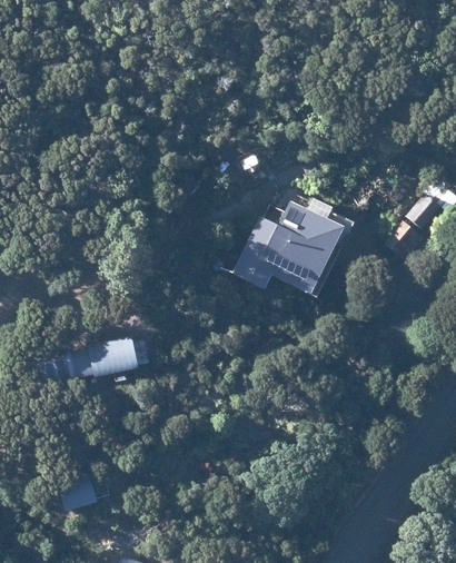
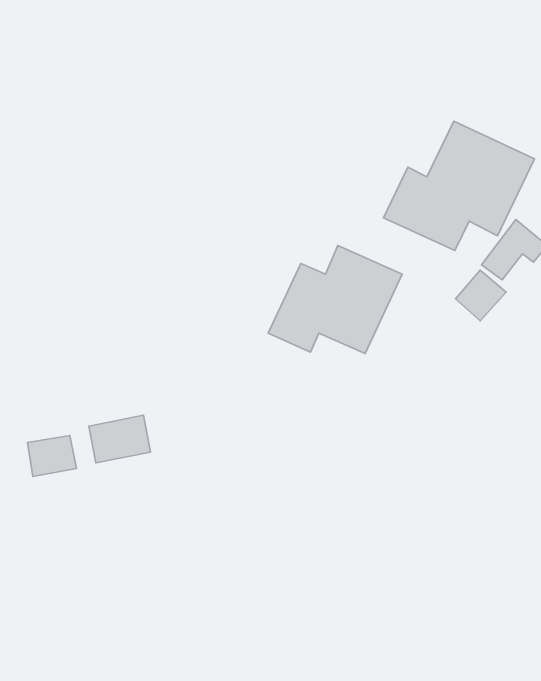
building: none -> [384,121,534,251]

